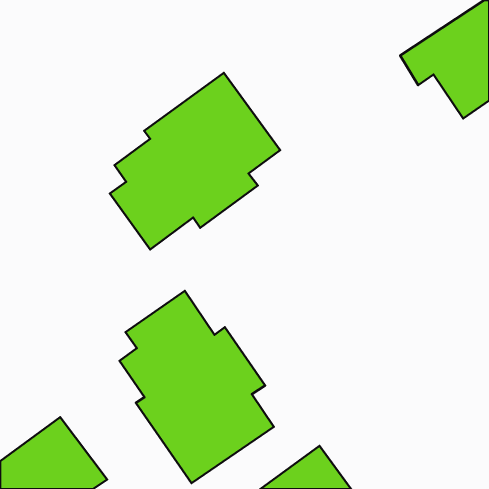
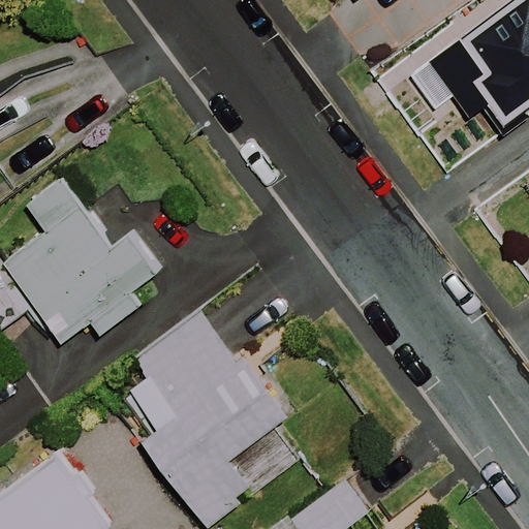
building: [110,73,280,249] -> none
building: none -> [5,180,157,346]

